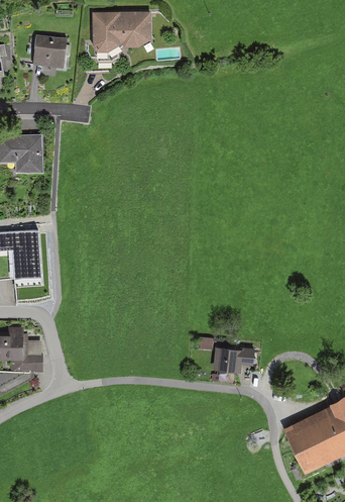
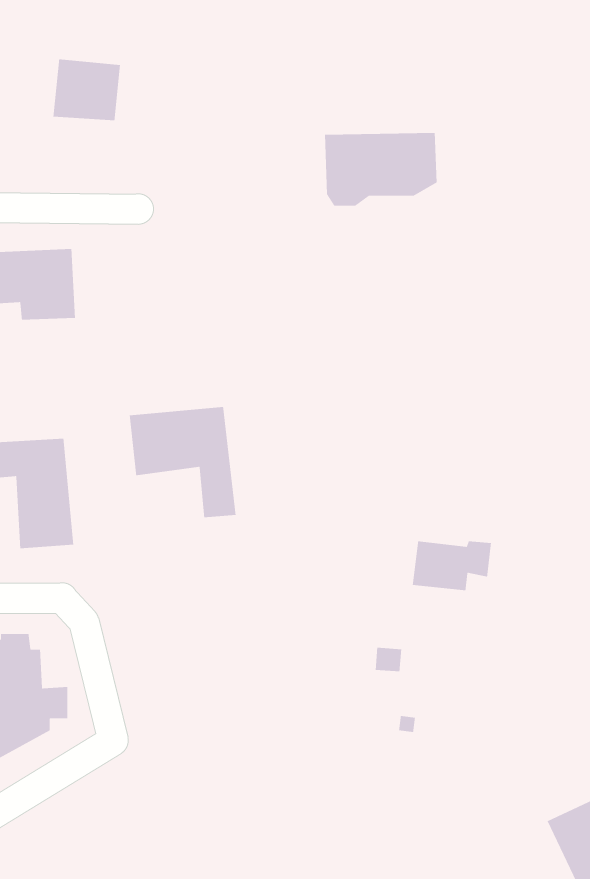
building: [92,11,150,49] -> [324,132,437,206]
building: none -> [129,406,236,518]
building: [214,345,255,372] -> [412,540,492,591]

